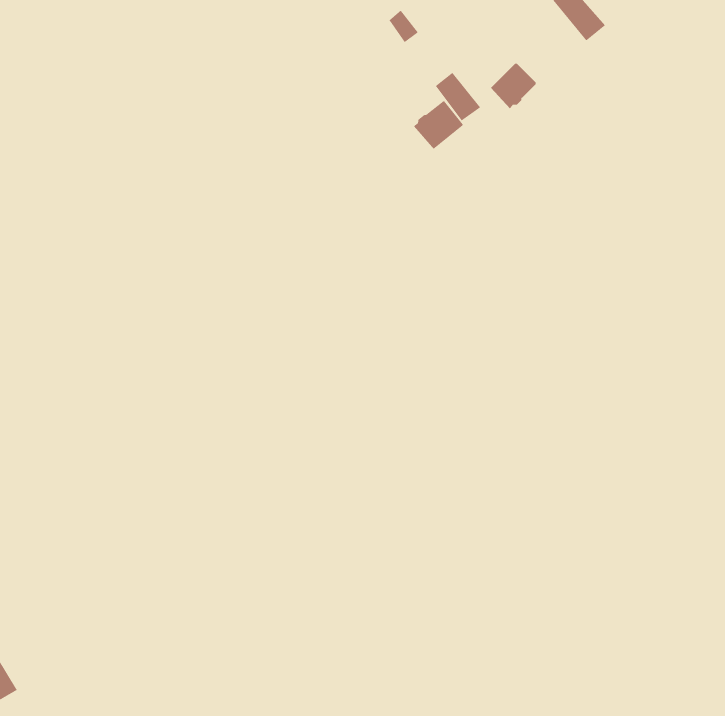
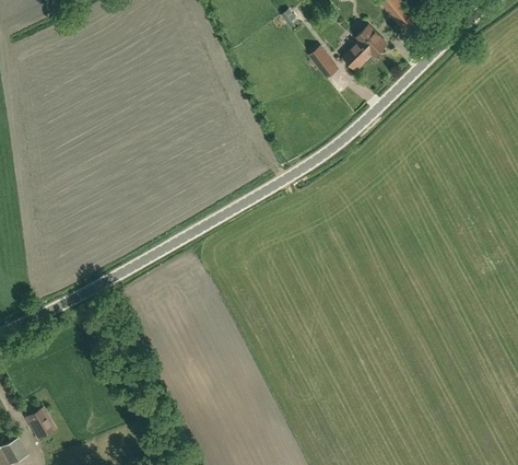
building: none -> [356,26,387,57]
building: [413,101,463,150] -> none

